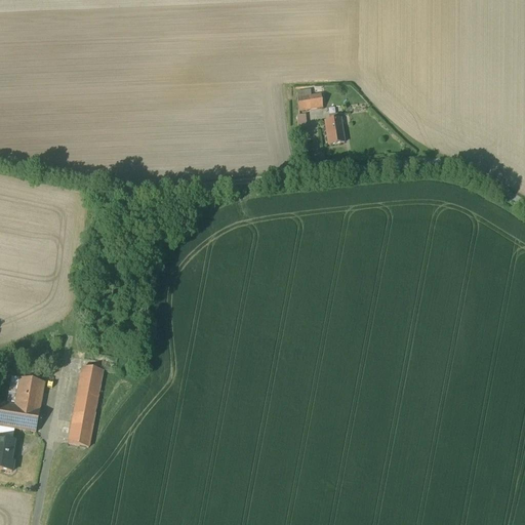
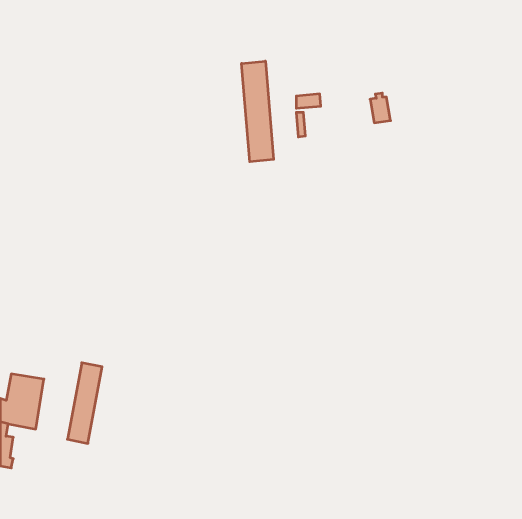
building: none -> [242,61,274,162]
building: [324,113,345,143] -> [370,93,391,123]

